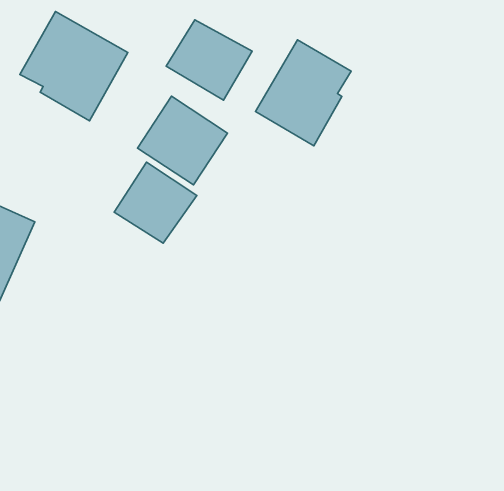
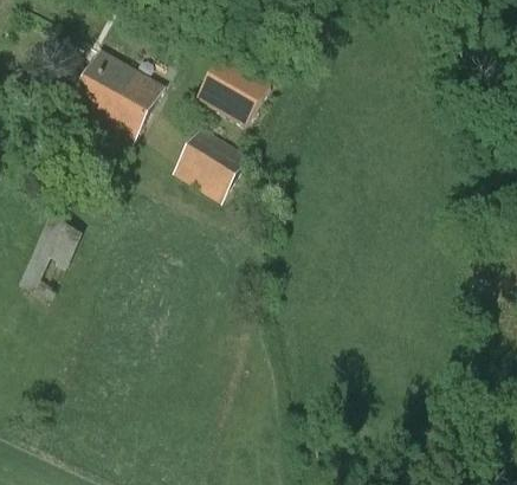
building: [256,40,351,146] -> none
building: [114,162,197,243] -> none

